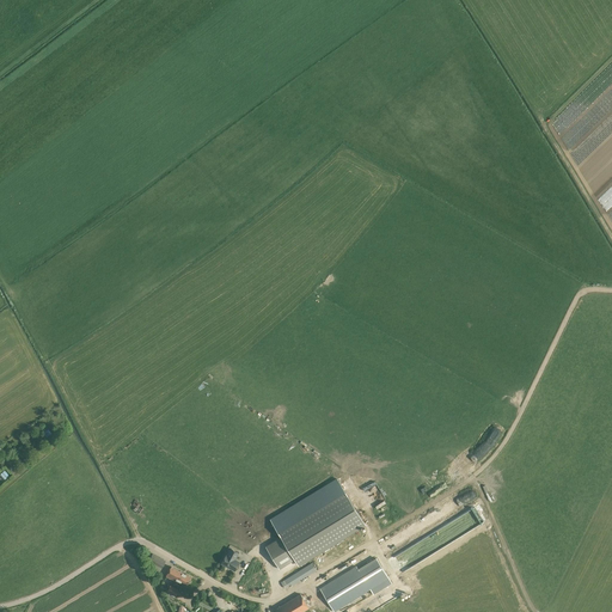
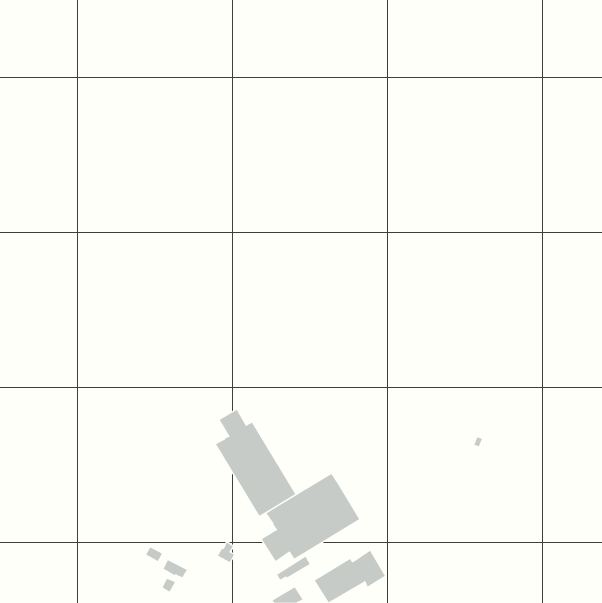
building: none -> [215,409,296,516]

